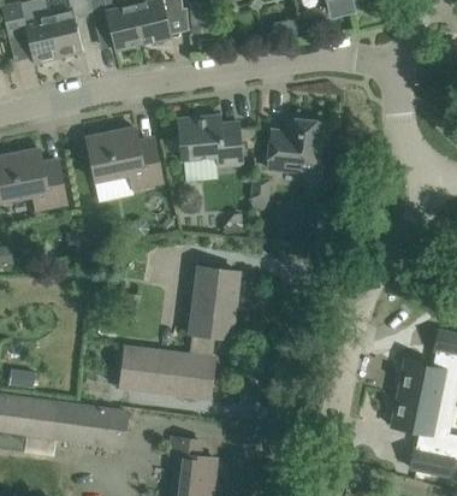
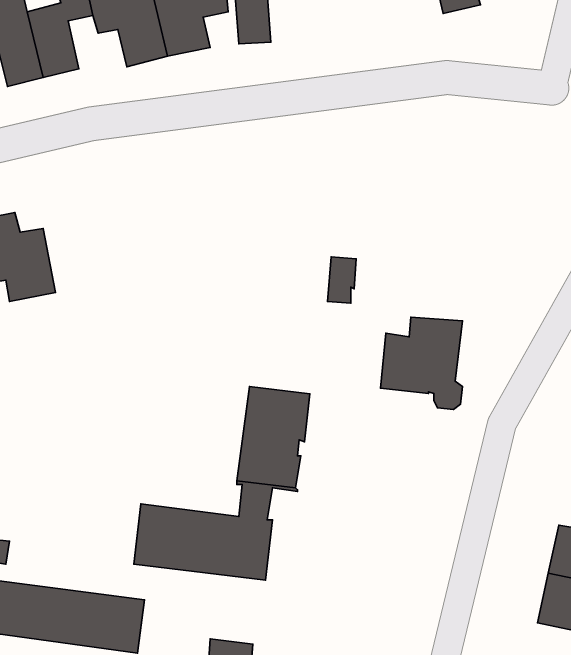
building: [177,116,242,166] -> none
building: [267,119,322,182] -> [381,317,462,410]
building: [85,128,162,202] -> none

